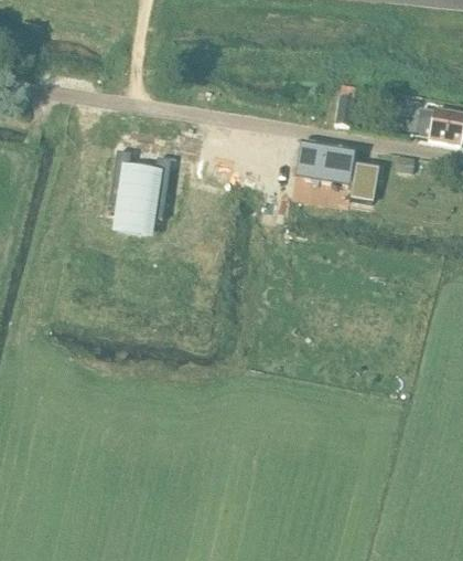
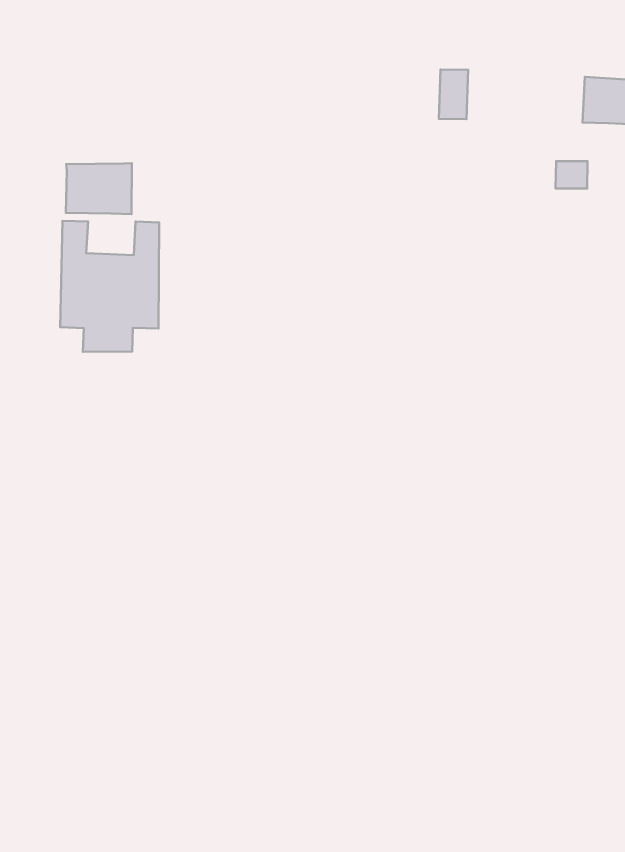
building: none -> [66,163,132,214]
building: [303,140,378,201] -> none

